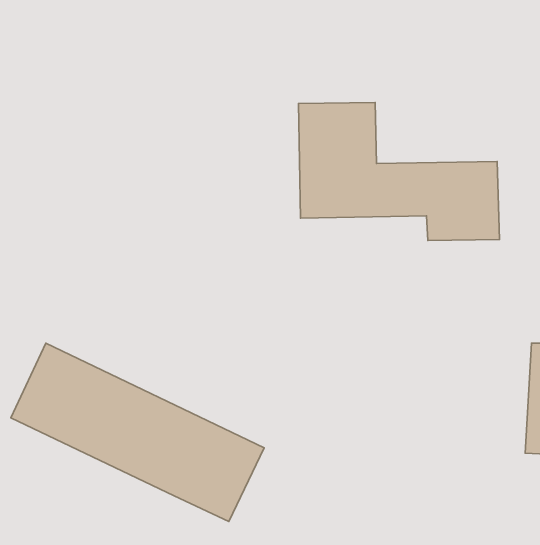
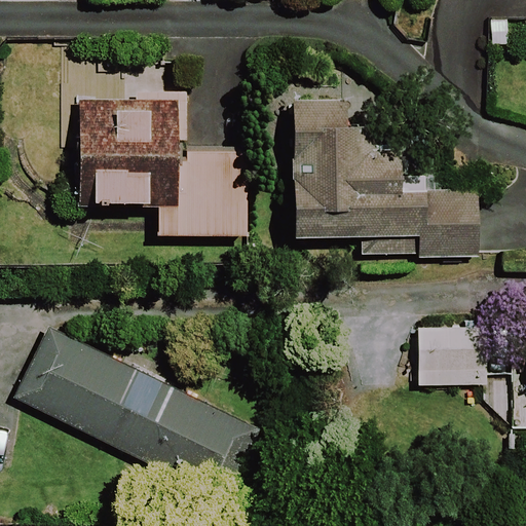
building: none -> [75,91,245,238]
building: none -> [418,329,486,387]

